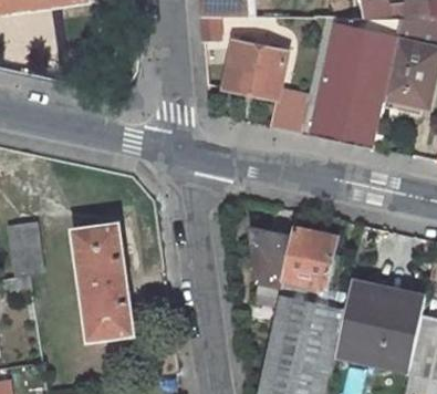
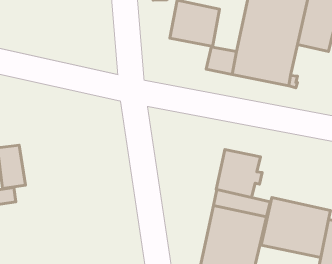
building: [74,225,134,340] -> none
building: [252,229,291,284] -> none

